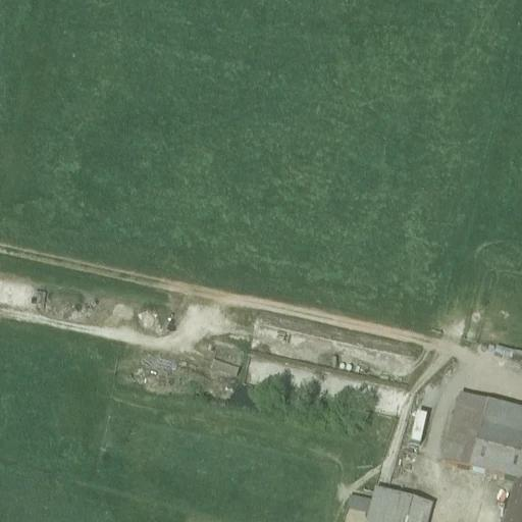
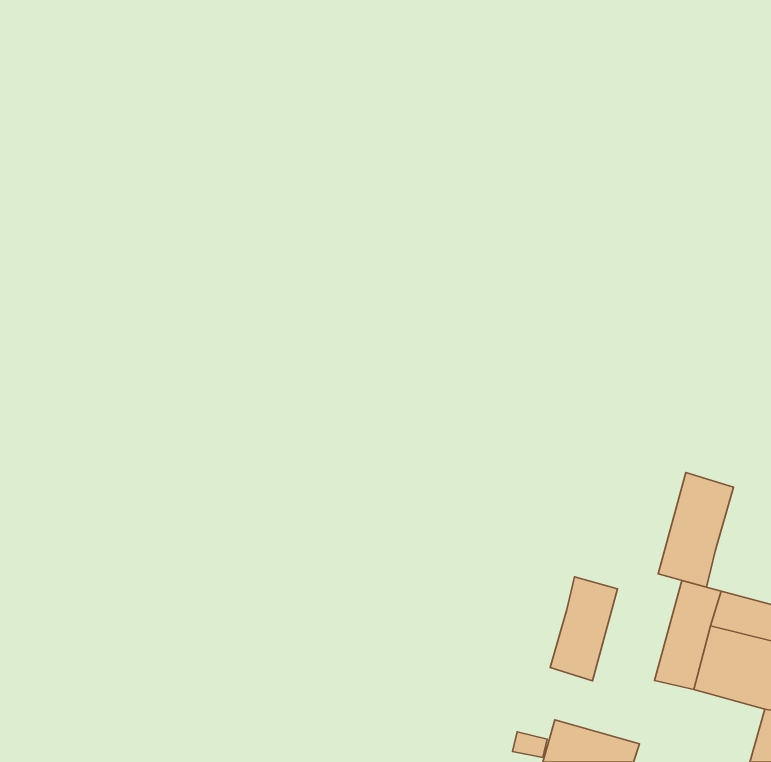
building: none -> [658,472,733,587]
building: none -> [550,577,618,681]

